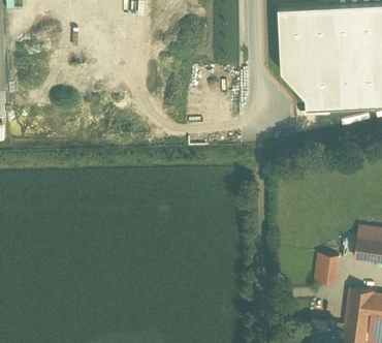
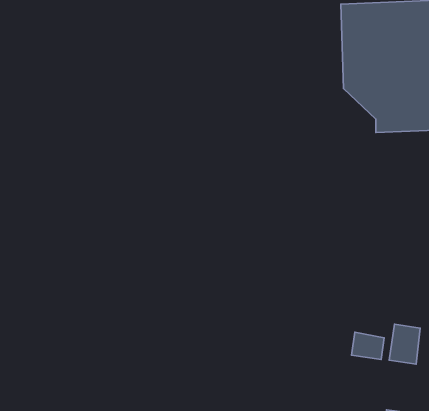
building: none -> [351,332,384,359]

